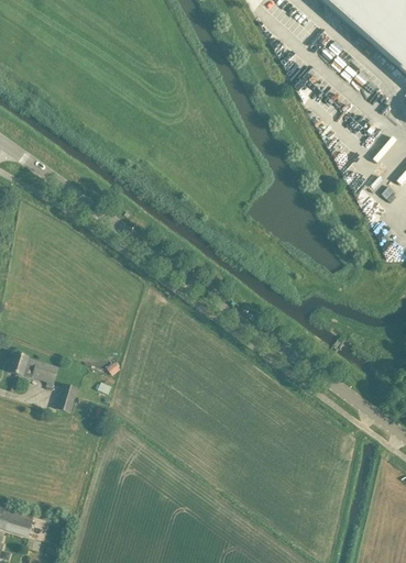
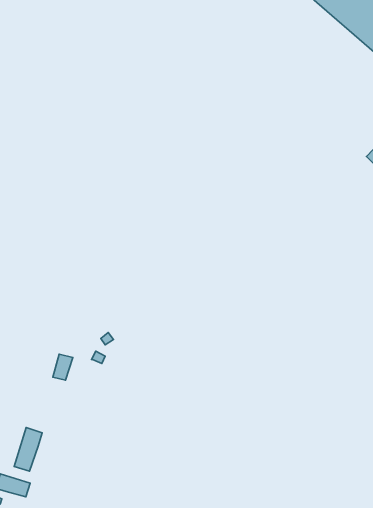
building: [10,351,58,380] -> none
building: none -> [14,428,42,471]

